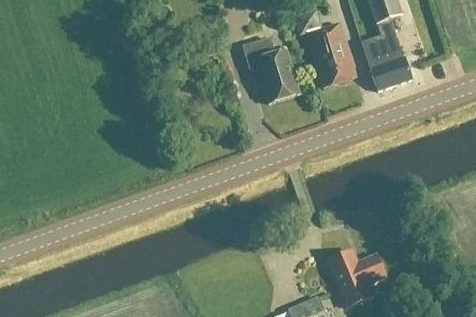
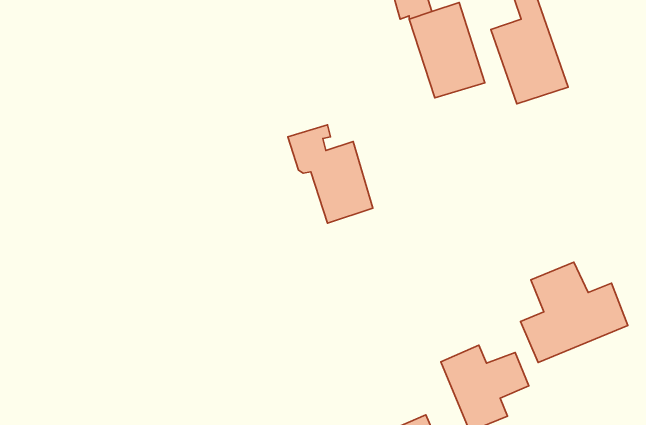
building: [244,38,300,103] -> [288,125,373,223]
building: none -> [520,262,628,363]

